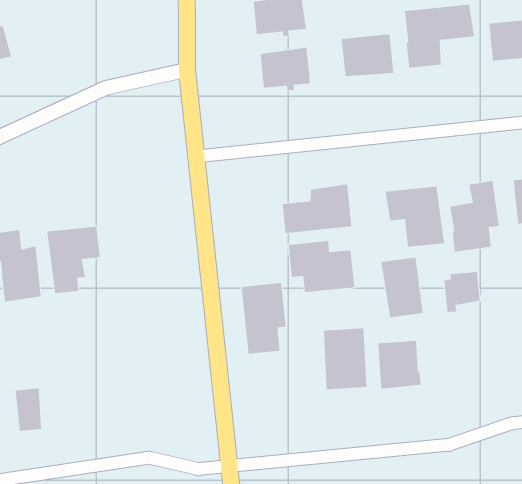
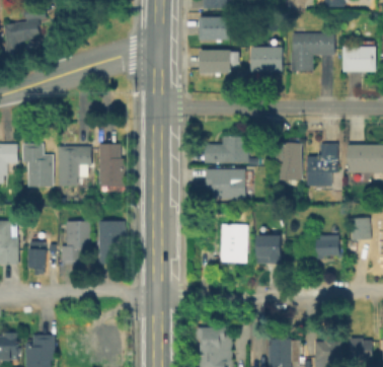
building: none -> [99,143,125,186]
building: [381,257,423,318] -> none
building: [444,271,480,313] -> [316,235,337,259]
building: [241,283,286,354] -> [98,221,124,263]
building: none -> [61,221,90,264]

